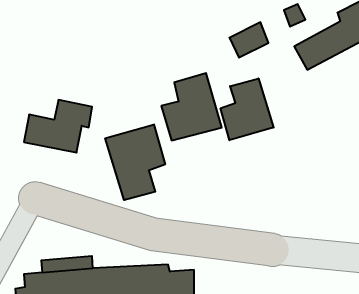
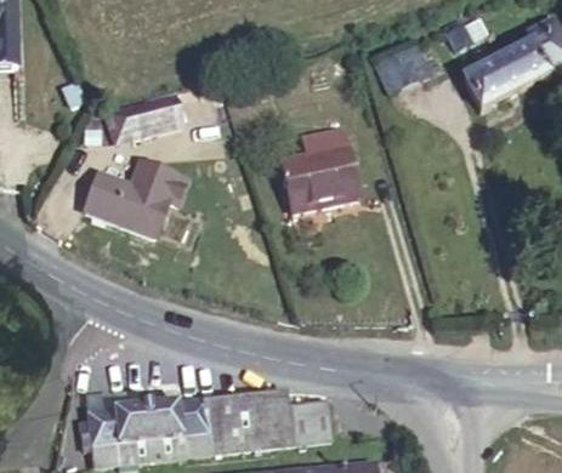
building: none -> [110,102,185,146]
building: [221,78,274,140] -> none
building: [105,124,165,200] -> none

